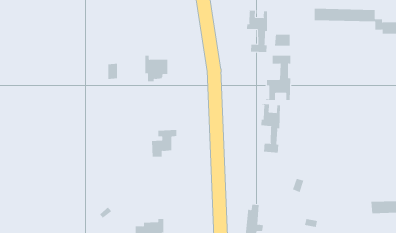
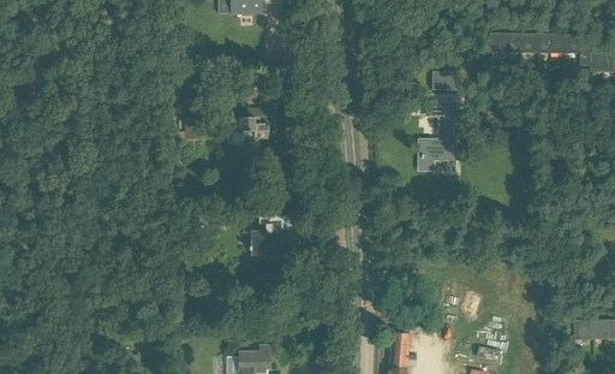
building: [247,10,268,53] -> none
building: [261,103,281,154] -> none

